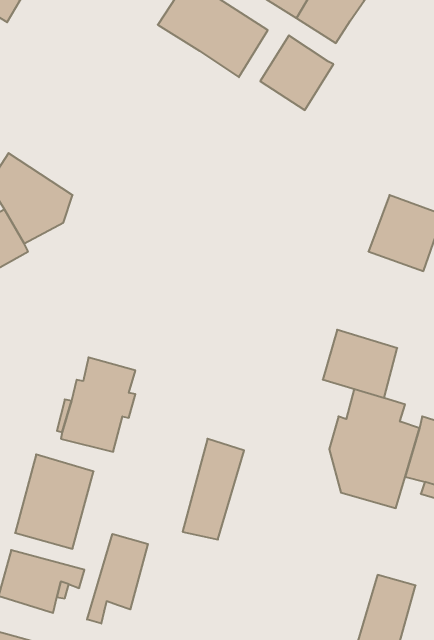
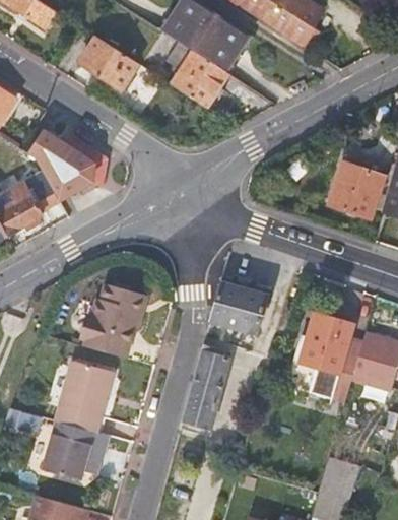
building: none -> [80,36,137,87]
building: [260,35,333,110] -> [173,49,229,107]
building: [323,330,397,398] -> [209,281,267,334]
building: [87,534,148,624] -> none

